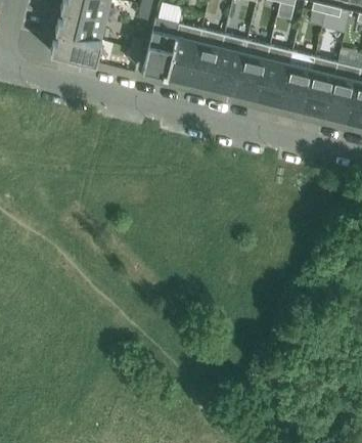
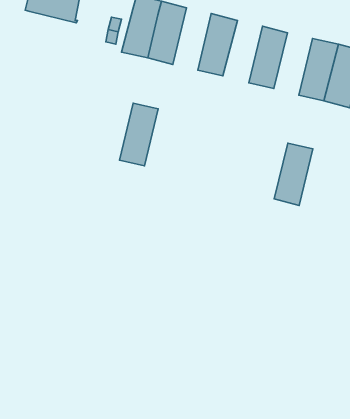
building: [189,32,224,88] -> [120,103,158,166]
building: [51,35,102,67] -> none
building: [234,43,270,99] -> none
building: [280,54,315,110] -> [274,143,313,206]

